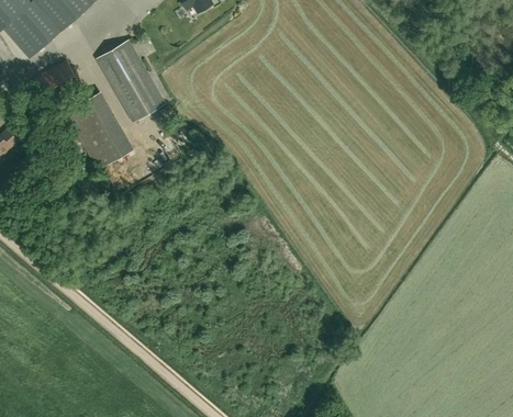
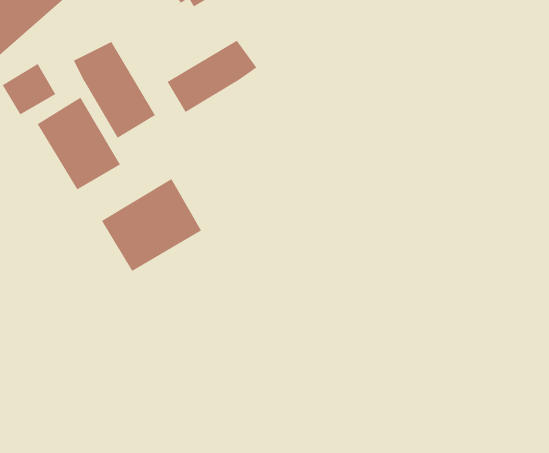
building: none -> [167,40,257,113]
building: none -> [101,178,202,272]

